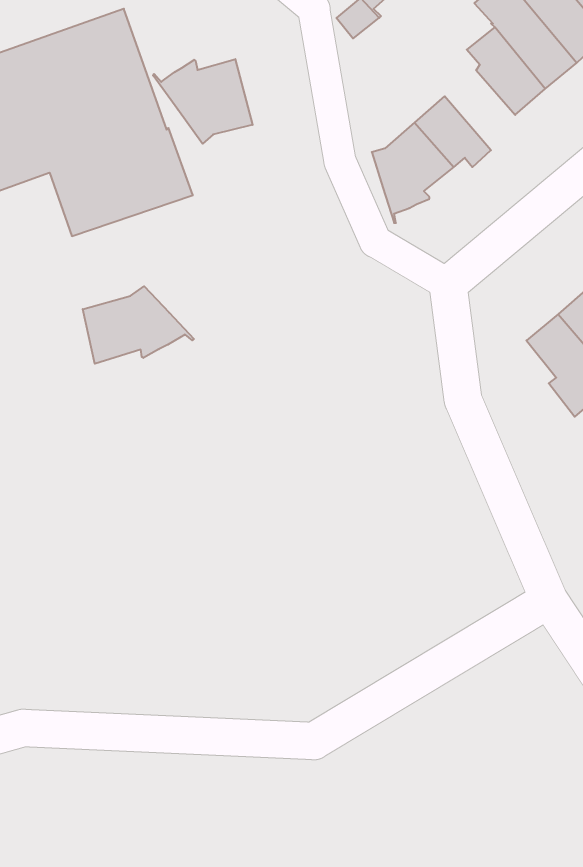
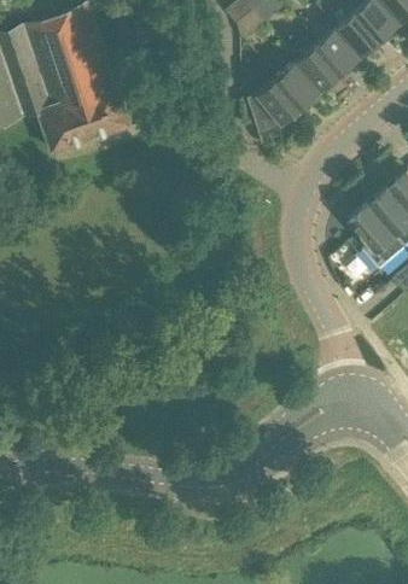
building: none -> [286,36,339,98]
building: [153,59,253,144] -> none
building: [83,286,194,364] -> none

